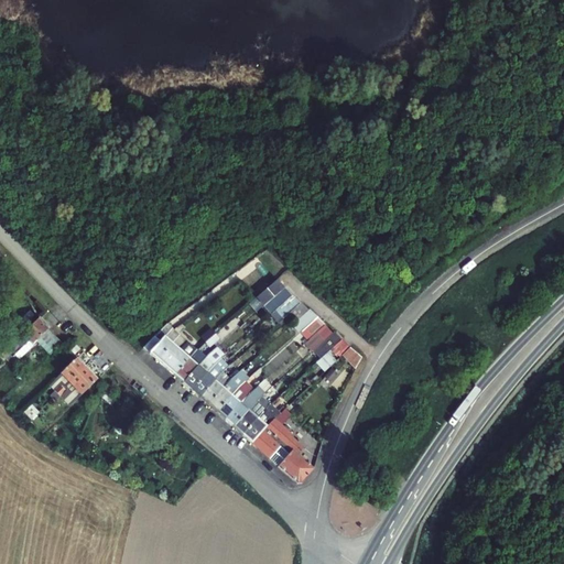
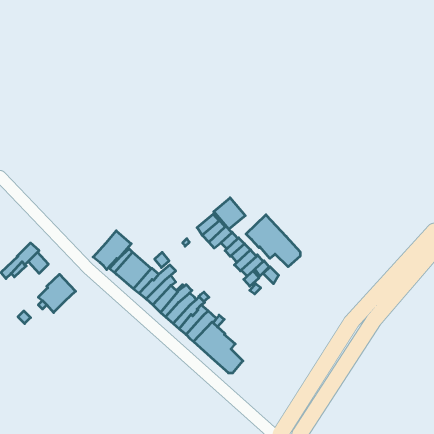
building: none -> [214,198,245,229]
building: none -> [246,215,300,267]
building: none -> [93,231,131,270]

